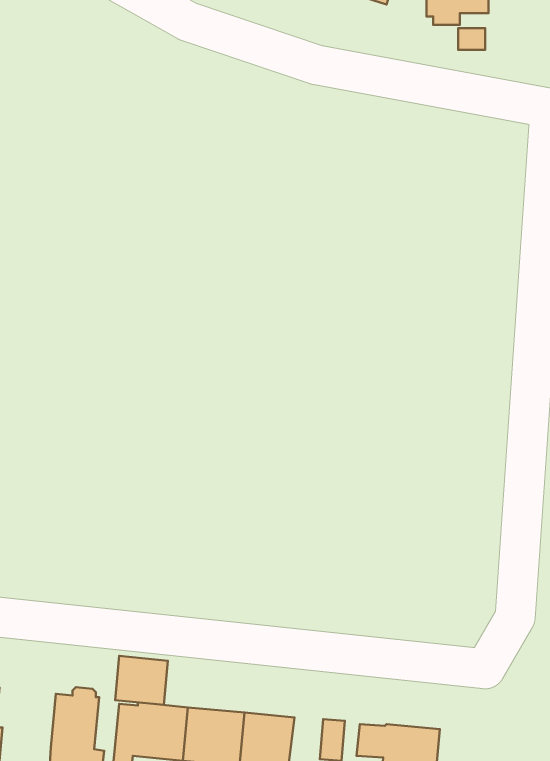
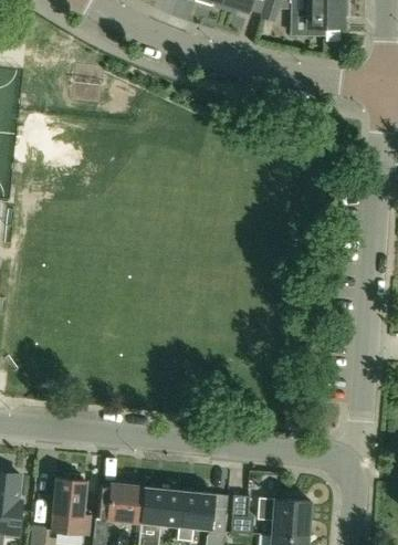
building: [115,656,168,705] -> none

